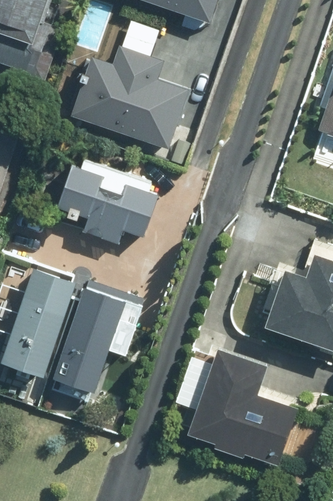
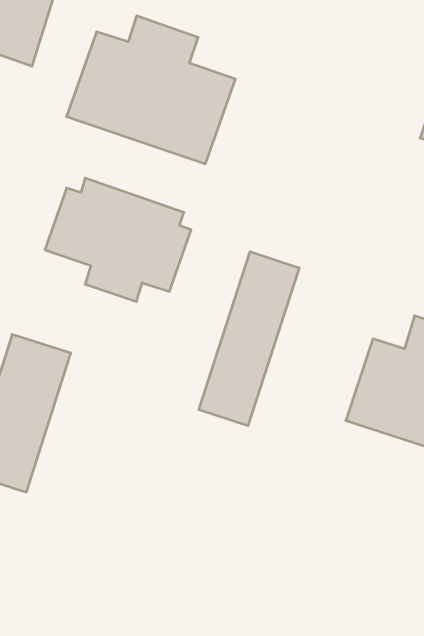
building: none -> [199,252,299,426]
building: [54,287,140,392] -> none
building: [187,347,296,464] -> none

